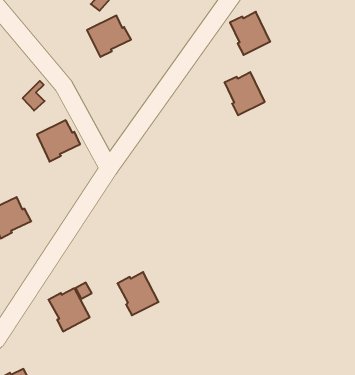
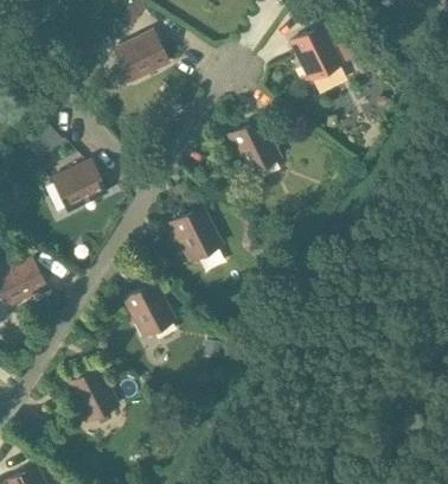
building: [224,72,265,115] -> [229,122,279,176]
building: none -> [169,210,220,262]
building: [117,272,159,315] -> [123,285,174,338]

